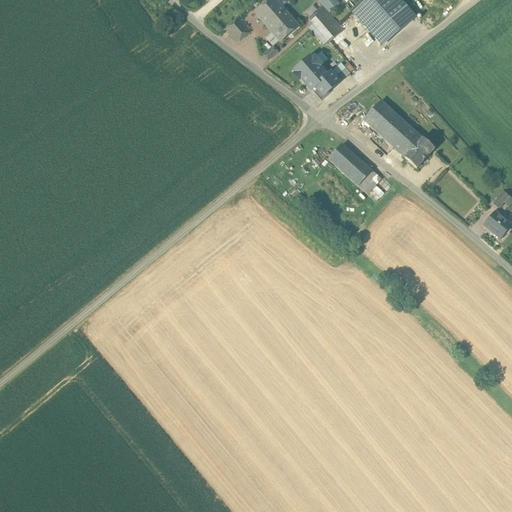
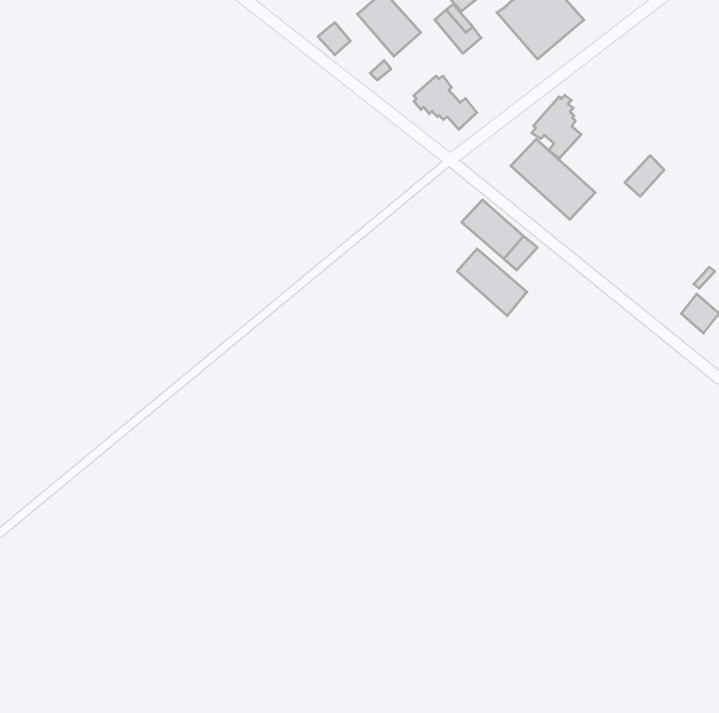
building: none -> [532,95,581,158]
building: [405,137,433,166] -> [625,156,664,196]
building: none -> [457,249,527,316]

